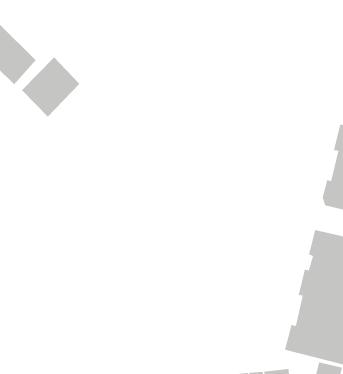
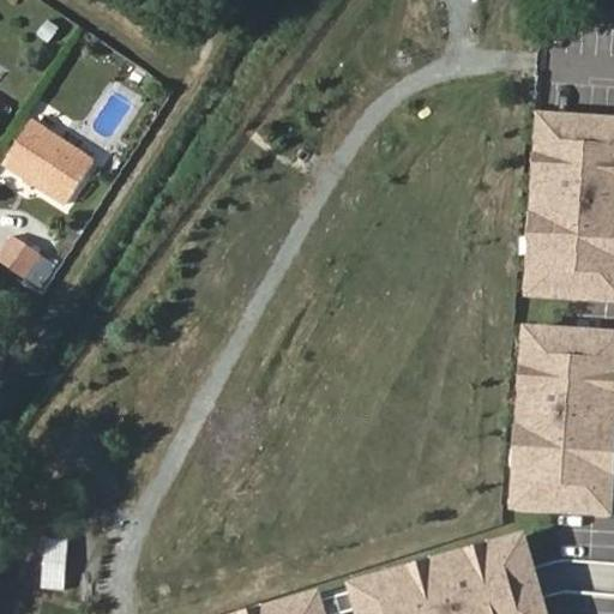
building: [21,57,80,118] -> none

